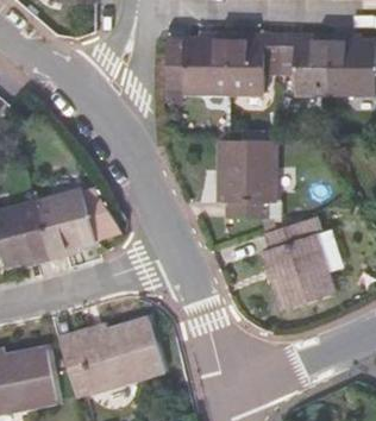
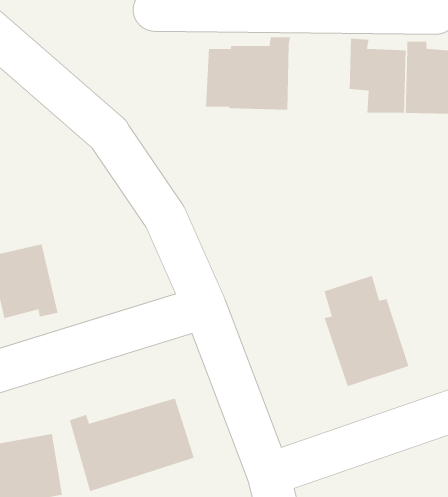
building: [237,33,287,93] -> none
building: [219,140,274,222] -> none
building: [39,187,125,255] -> none

